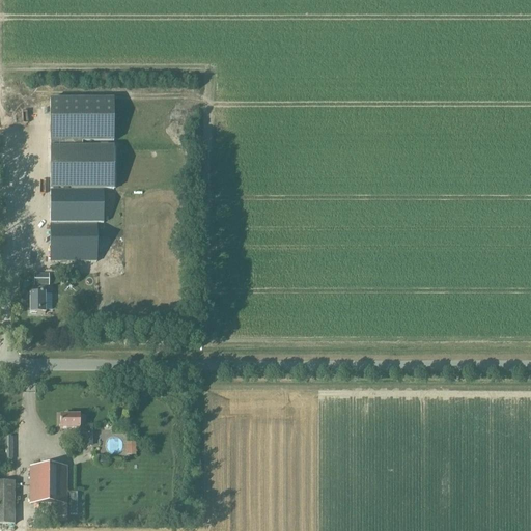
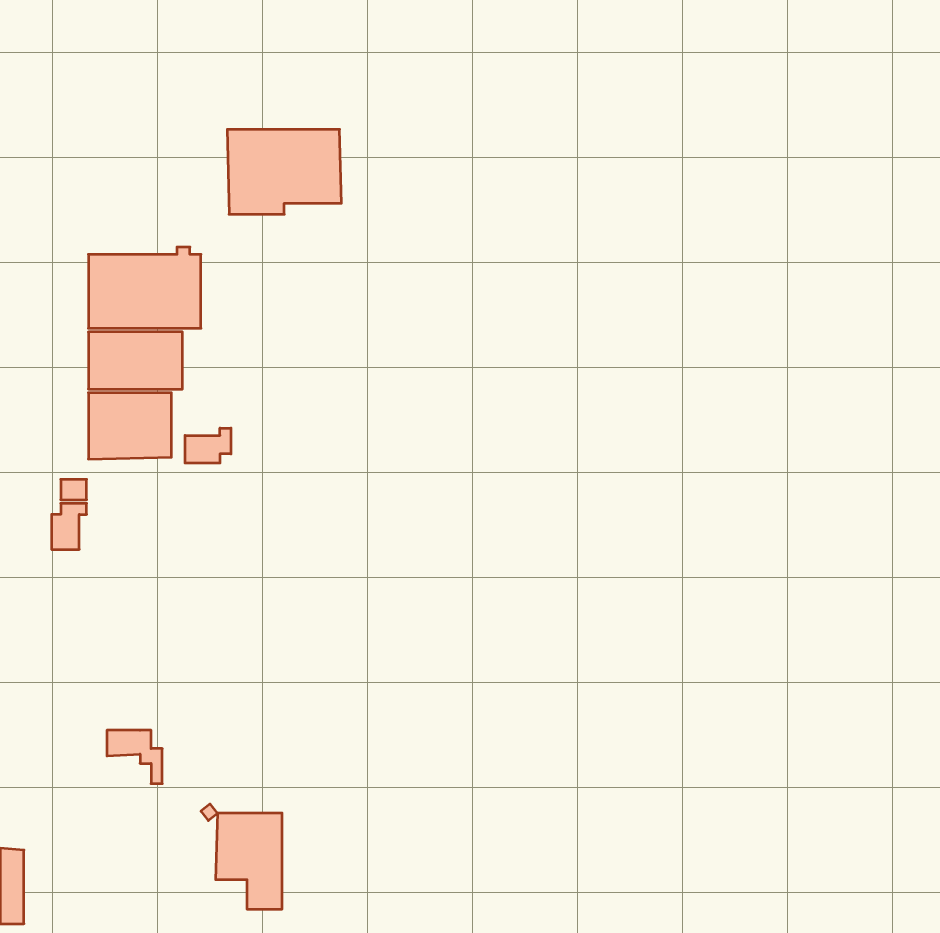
building: [50,95,114,143] -> [227,129,341,214]
building: none -> [185,428,231,463]
building: [30,463,67,516] -> [216,813,282,909]

